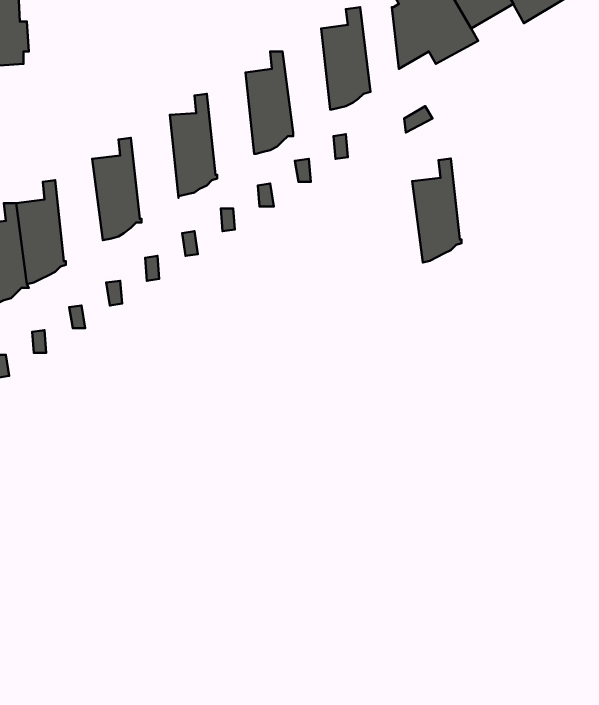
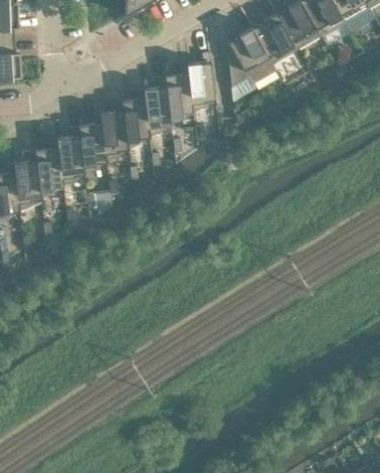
building: none -> [122,89,150,147]
building: none -> [78,113,107,172]
building: [412,158,462,262] -> [165,63,193,123]
building: none -> [35,138,63,196]

